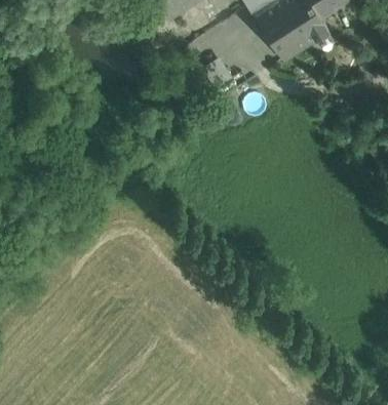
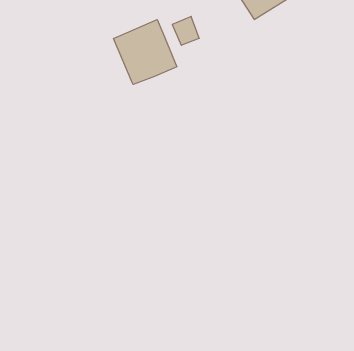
building: none -> [114,20,177,84]

